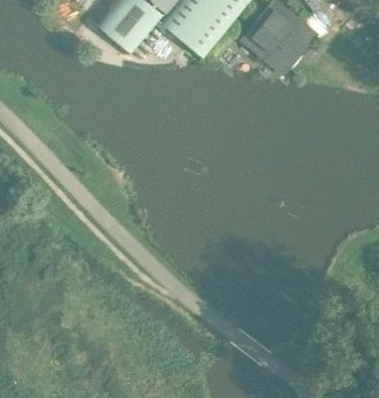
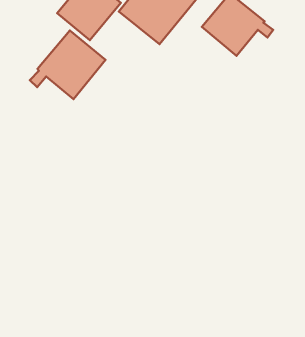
building: none -> [30,31,105,99]

